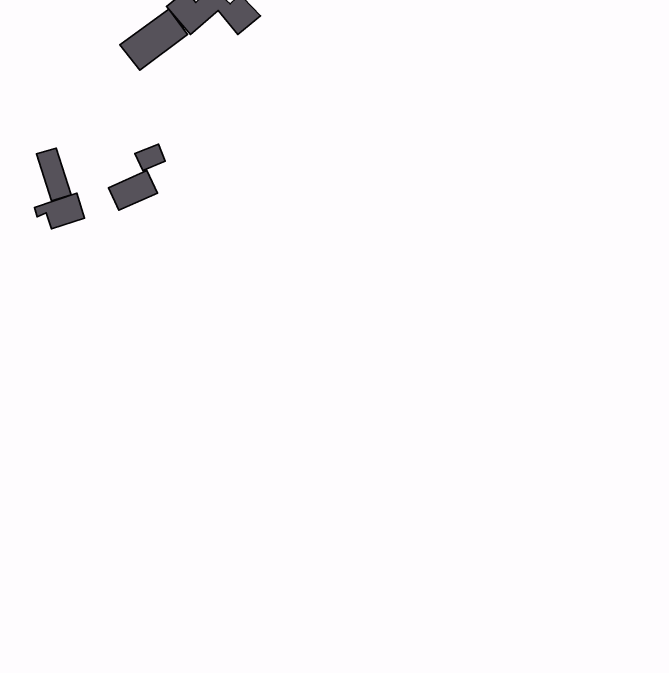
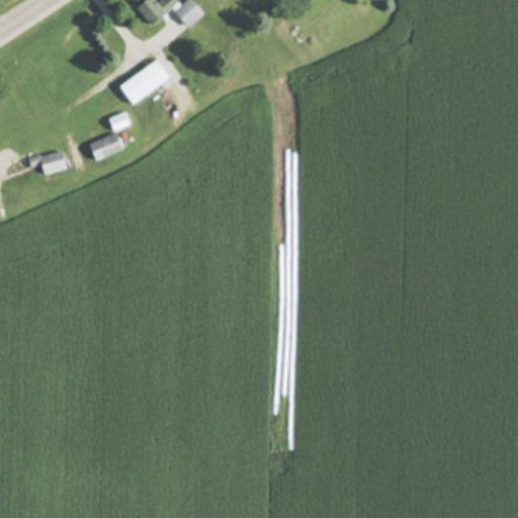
building: [120,9,187,70] -> [117,58,169,104]
building: [36,148,71,201] -> none

